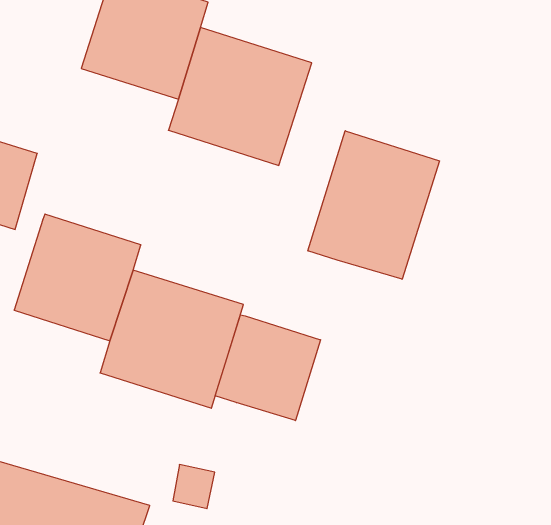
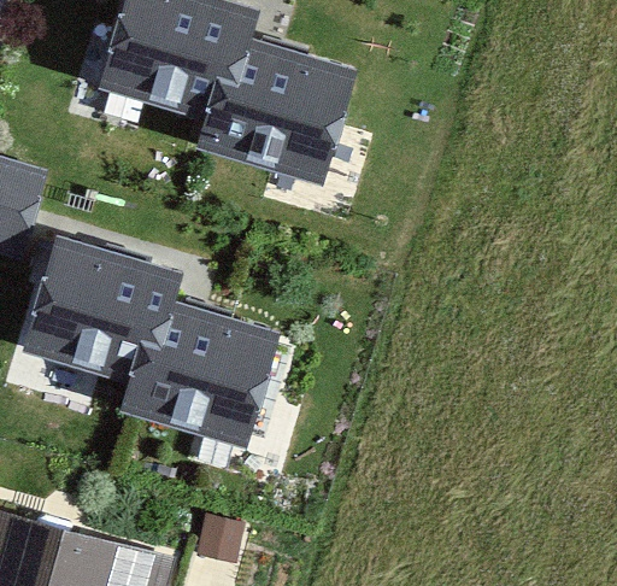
building: [308,131,440,279] -> none
building: [215,315,321,421] -> none

